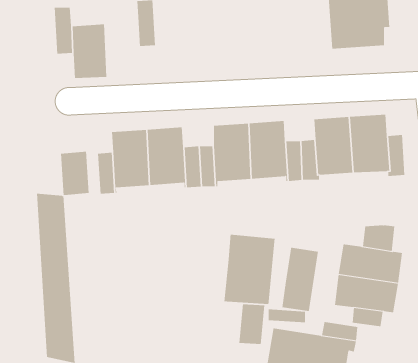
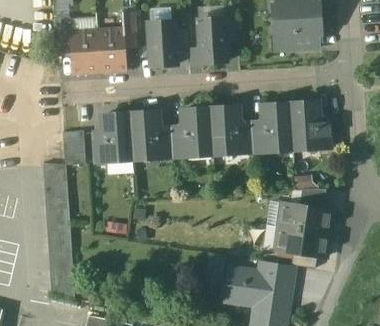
building: none -> [198,19,226,64]
building: none -> [148,22,176,67]
building: none -> [97,30,125,73]
building: [224,234,275,305] -> none
building: [282,247,318,312] -> none

